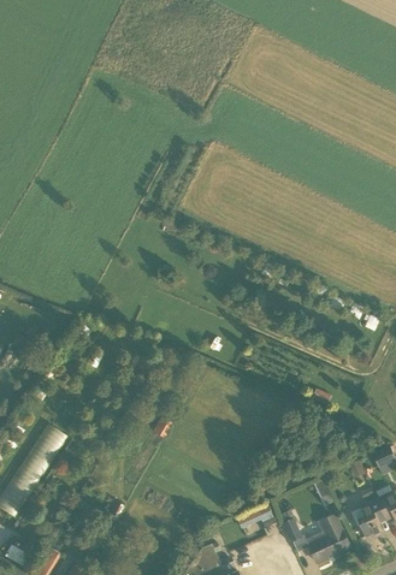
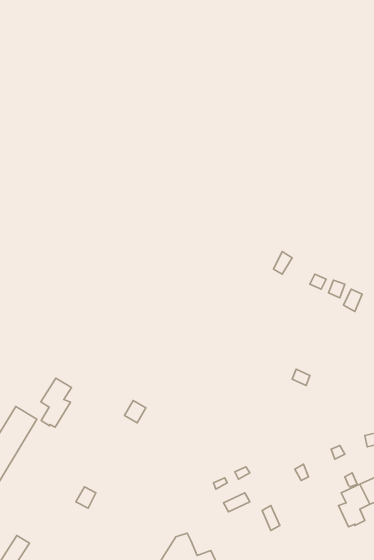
building: none -> [41,378,71,427]
building: [307,515,349,563] -> none

